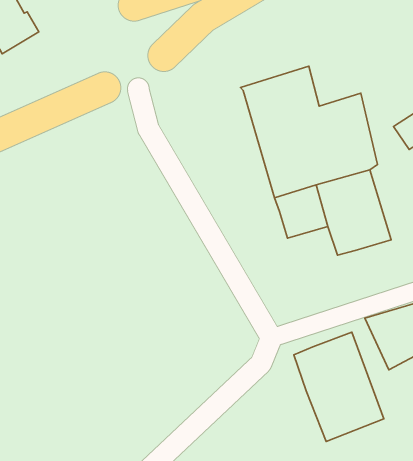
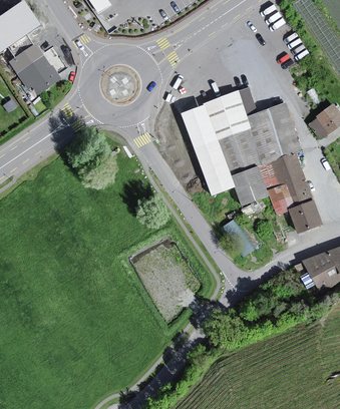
building: none -> [181,106,235,196]
building: none -> [289,201,322,234]
building: [294,332,384,442] -> none

